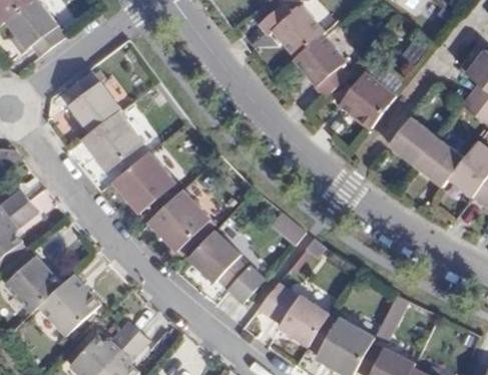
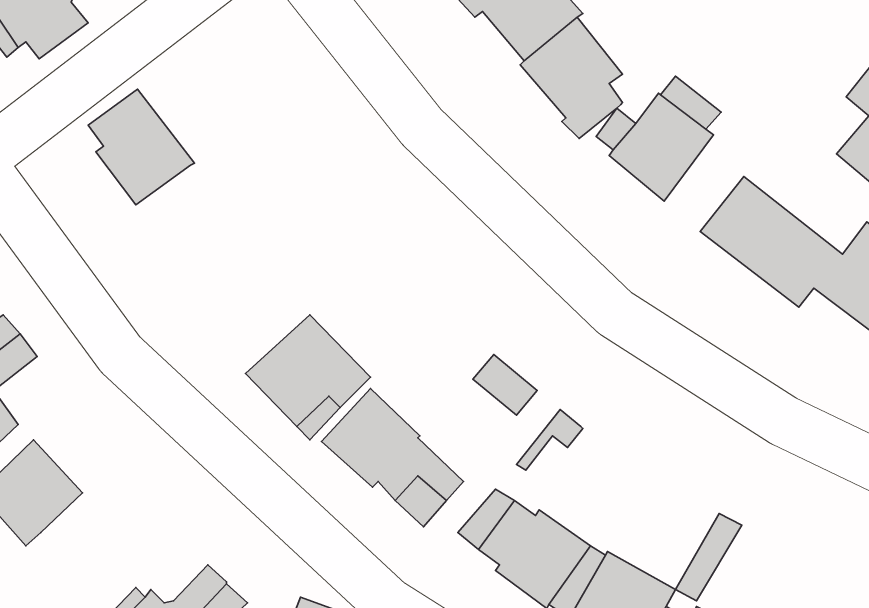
building: [82,111,143,170] -> none
building: [112,151,173,213] -> none
building: [39,275,100,336] -> none

